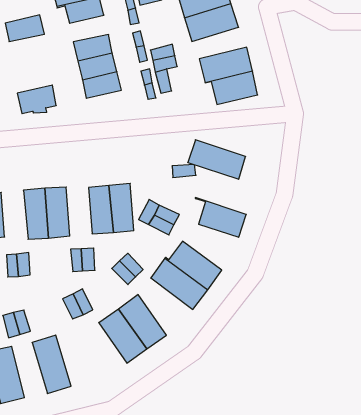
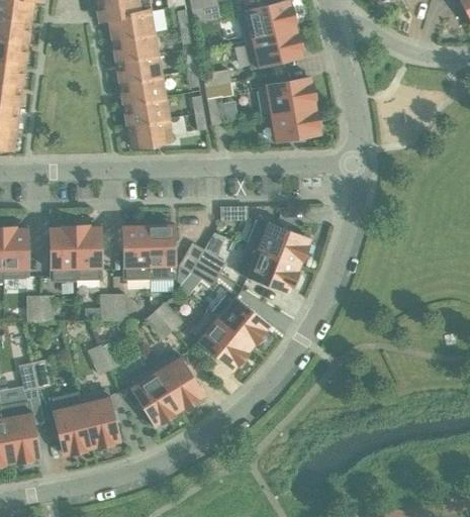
building: [5,15,44,42] -> [113,32,157,61]
building: [17,85,56,114] -> [127,118,171,148]
building: [188,140,246,179] -> [245,219,310,267]
building: none -> [78,390,118,449]

